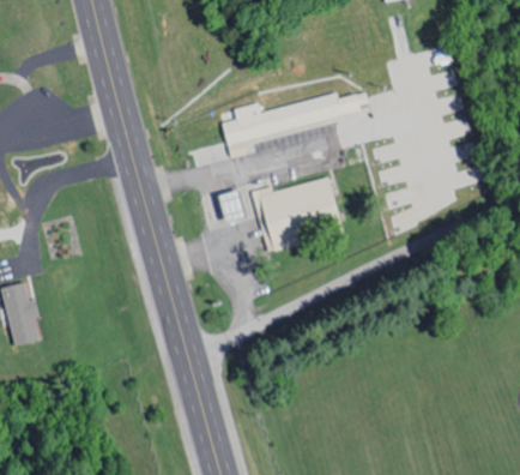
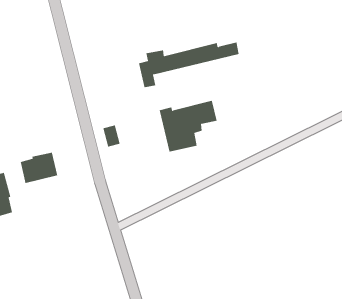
building: [220,190,247,222] -> [102,125,121,147]
building: none -> [20,152,58,184]

